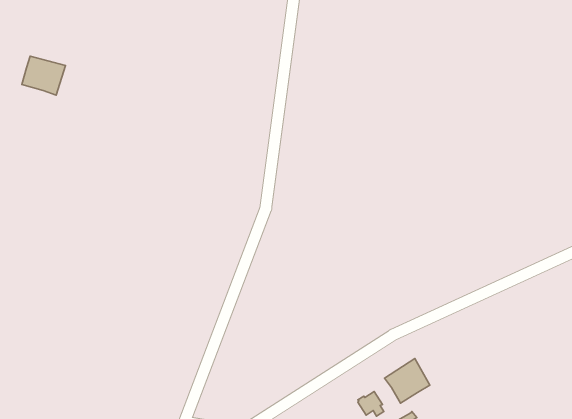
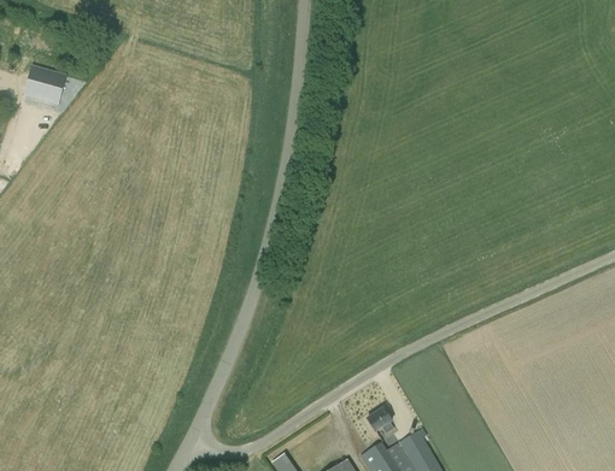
building: [385,359,430,403] -> none

